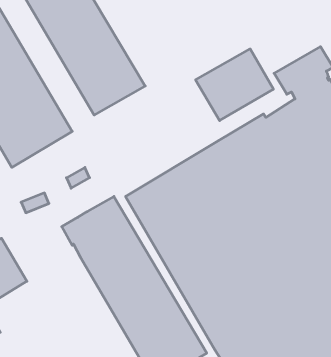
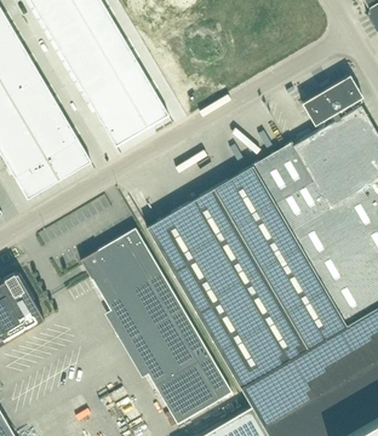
building: [196,49,273,121] -> none

